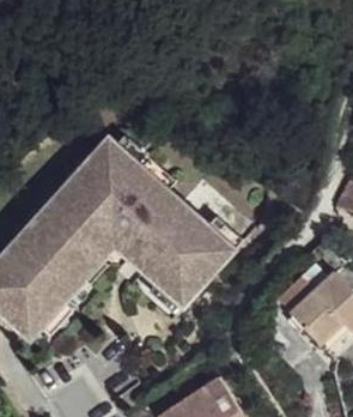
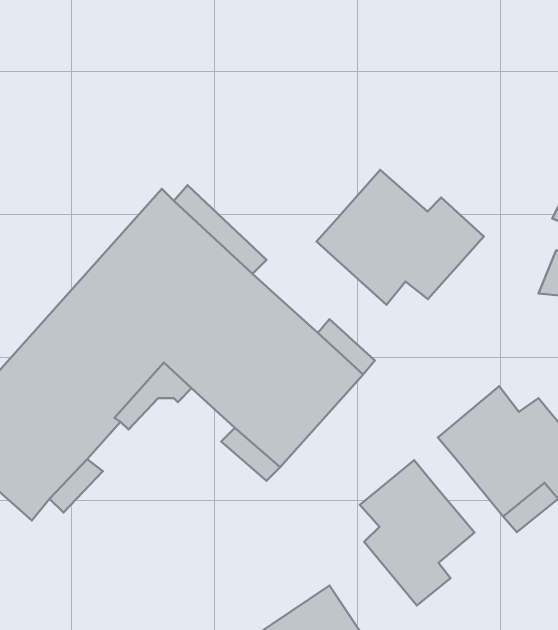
building: none -> [316,170,484,305]
building: none -> [360,460,474,605]

